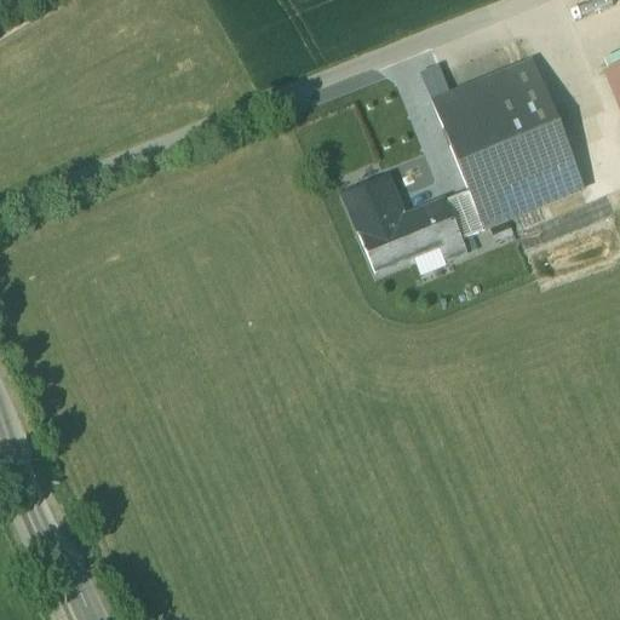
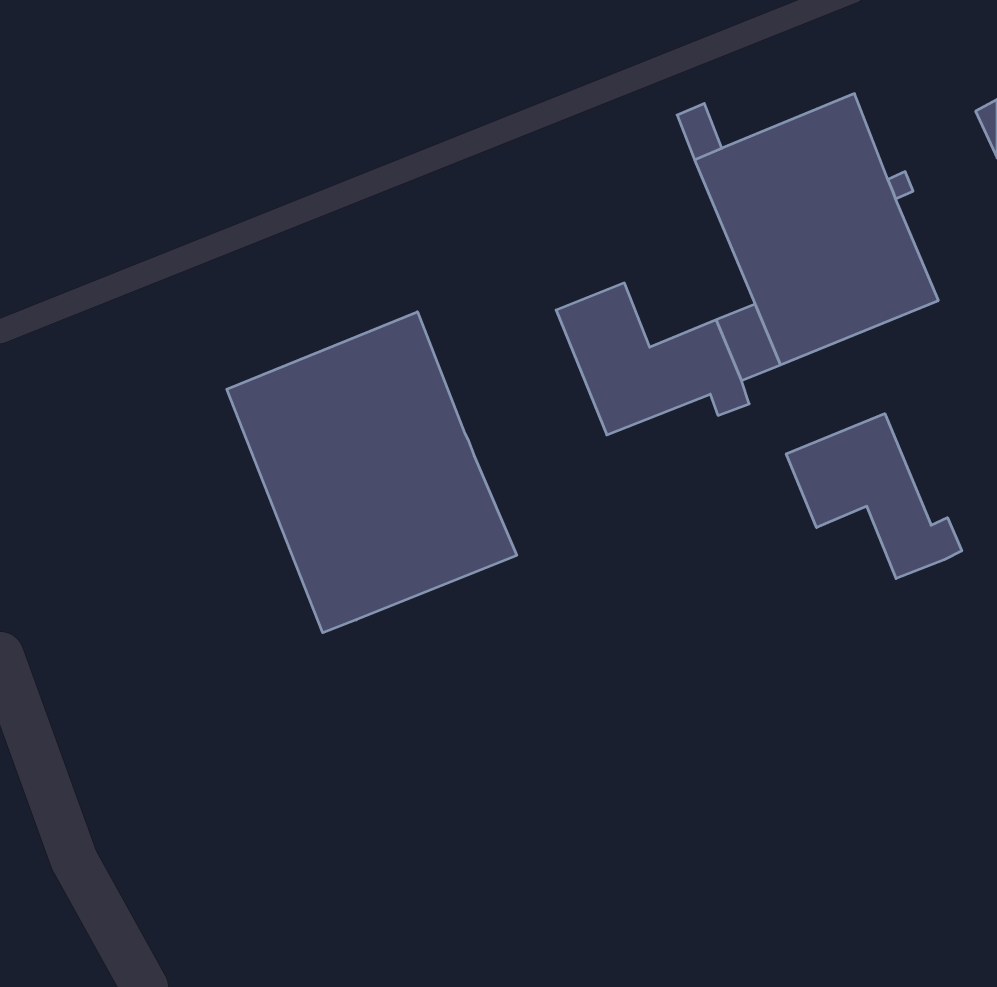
building: none -> [227,312,517,633]
building: none -> [786,414,962,579]

